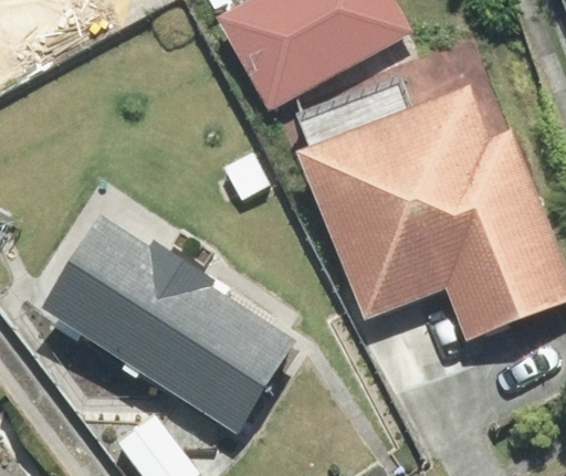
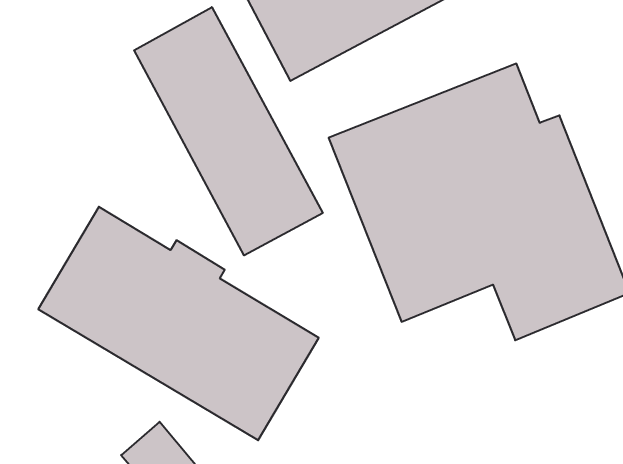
building: none -> [134,7,323,255]

